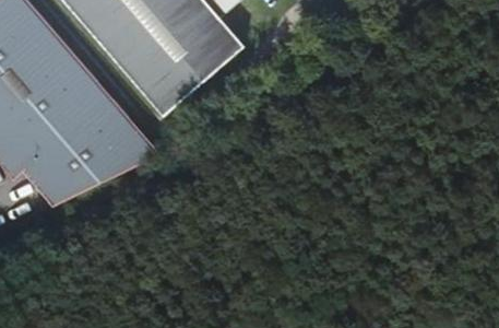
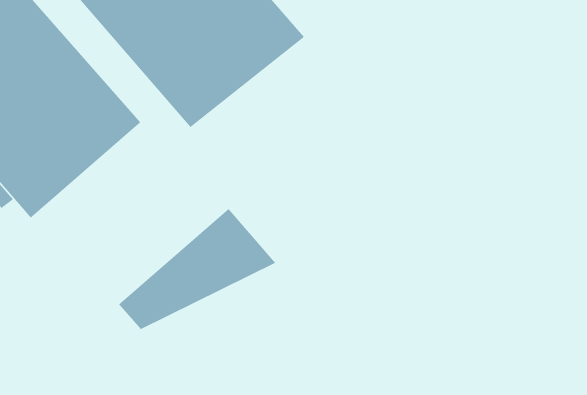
building: [37,109,161,204] -> [118,208,276,330]

